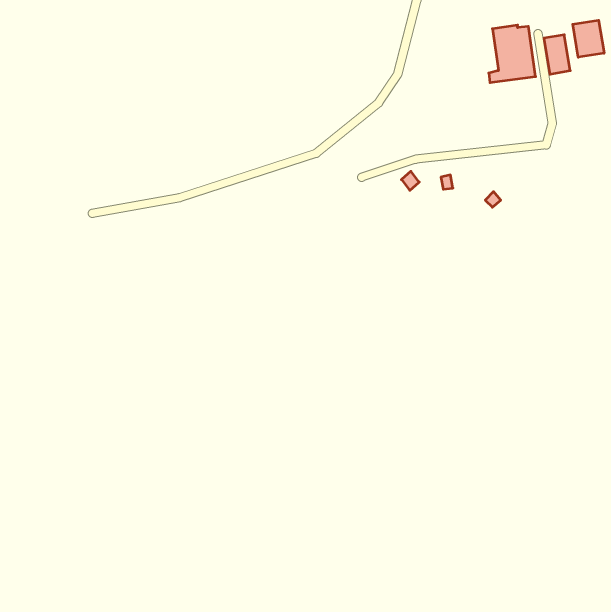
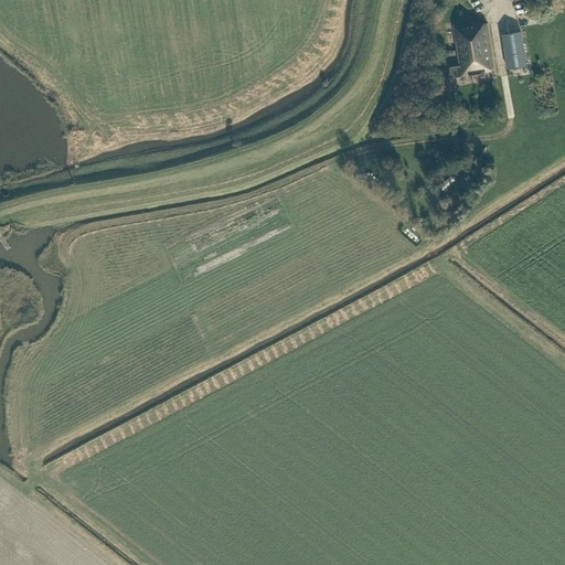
building: [573,20,604,57] -> none

